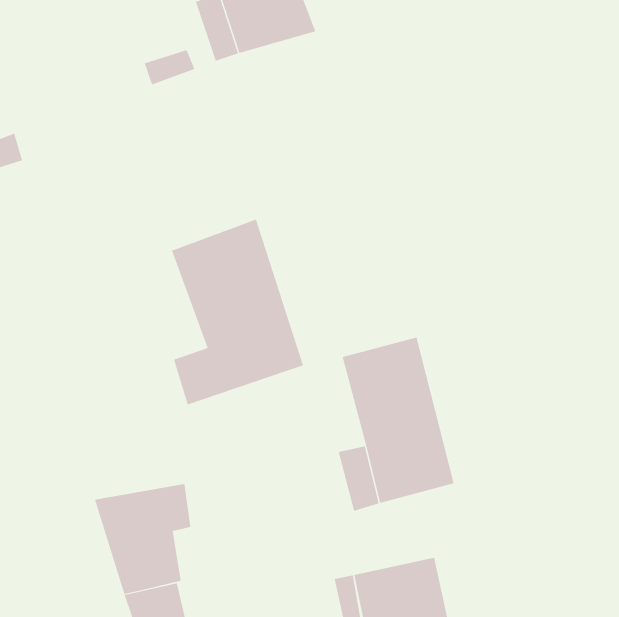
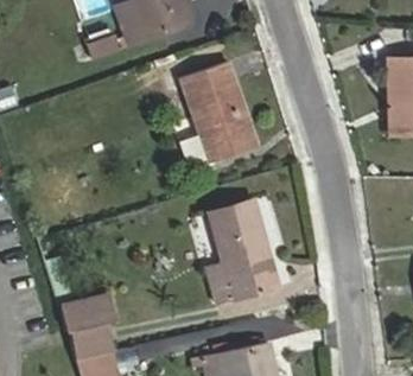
building: [171,219,304,405] -> [177,60,256,172]

